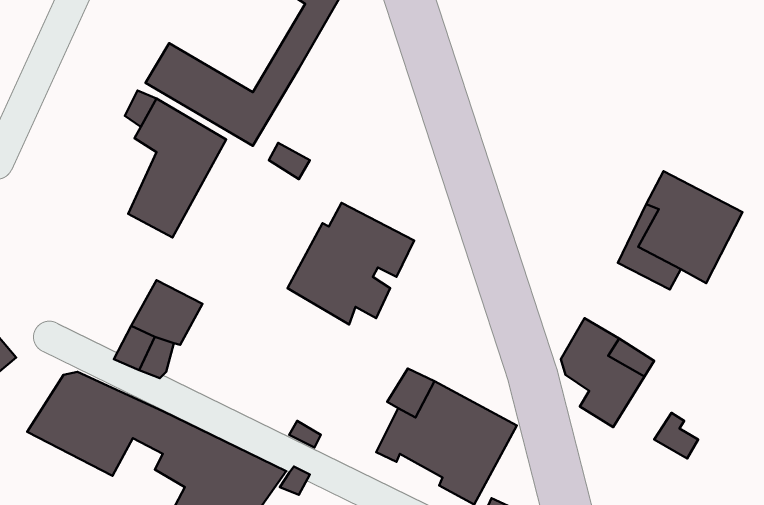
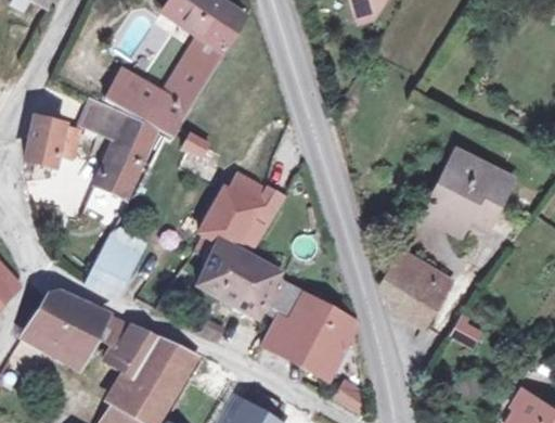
building: none -> [23,115,80,159]
building: none -> [198,235,284,318]

